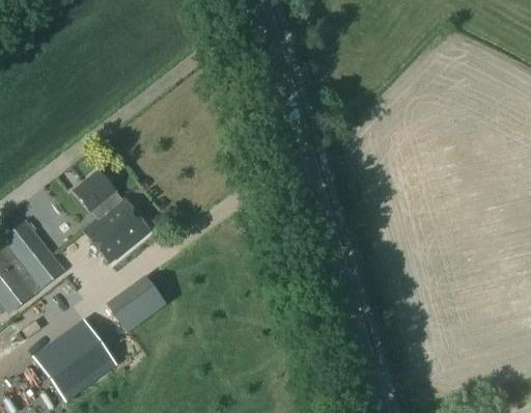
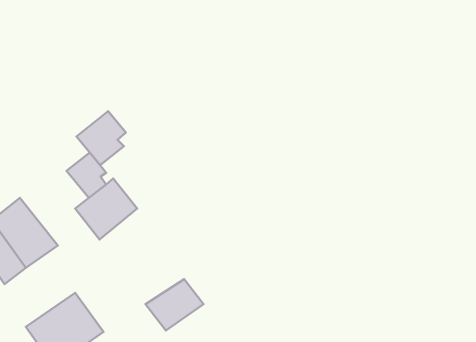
building: none -> [77,111,126,165]
building: [105,277,167,332] -> [145,279,204,330]

